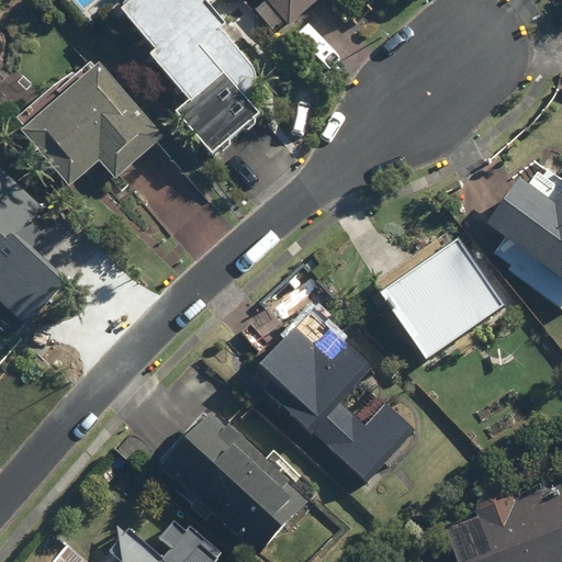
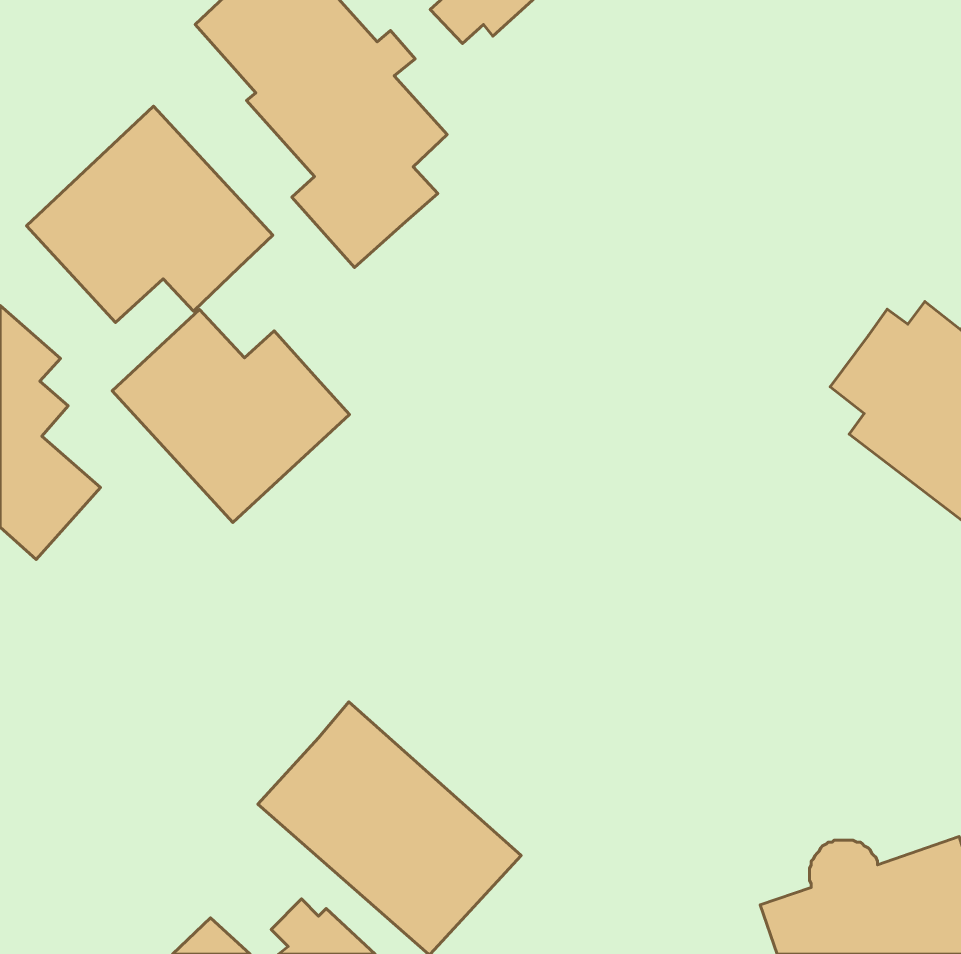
building: none -> [112,310,350,523]
building: [375,240,501,362] -> none
building: [262,314,416,481] -> none

